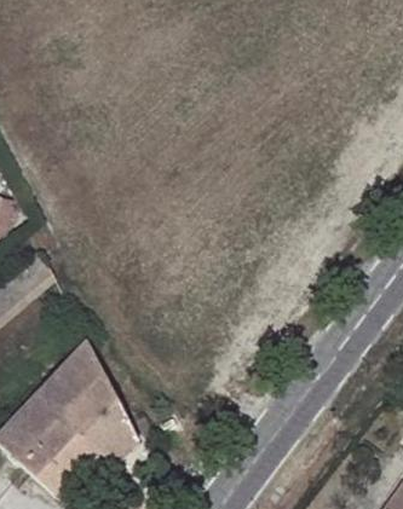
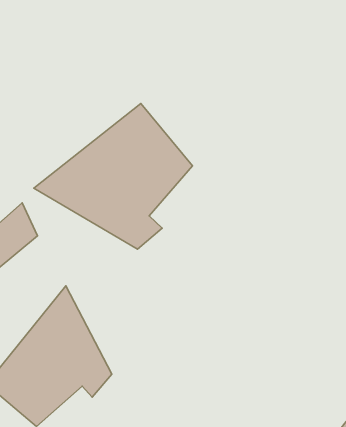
building: none -> [34,104,192,249]

